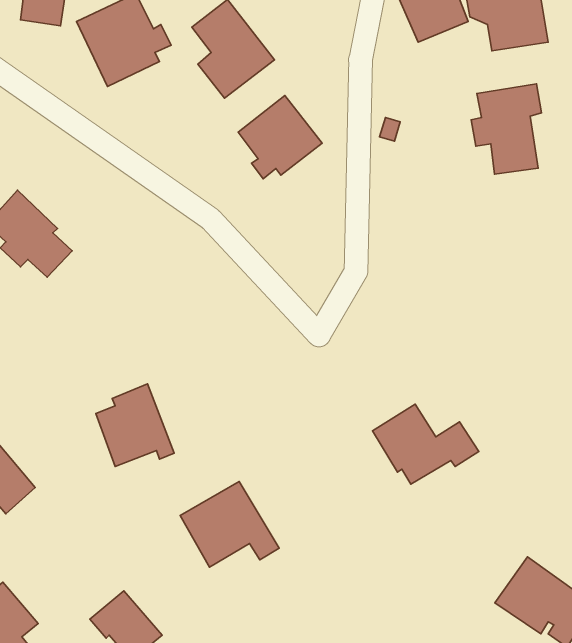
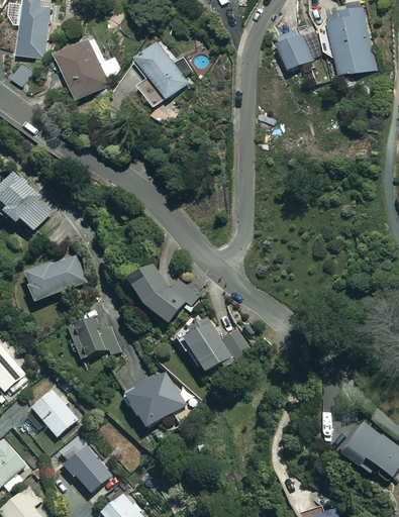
building: [471,84,541,174] -> none
building: [238,95,322,179] -> none
building: none -> [25,254,86,301]
building: none -> [124,260,201,324]
building: [372,404,479,484] -> [178,317,251,372]
building: none -> [31,389,78,436]

